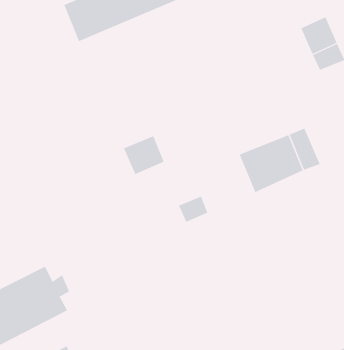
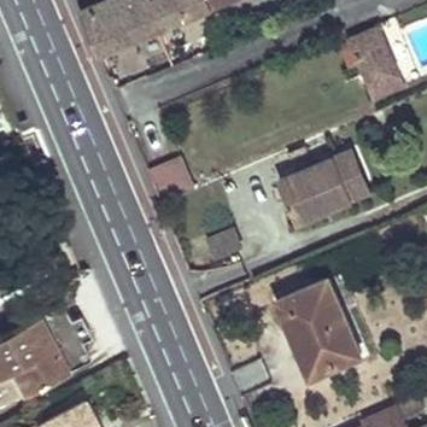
building: none -> [279,280,358,376]

